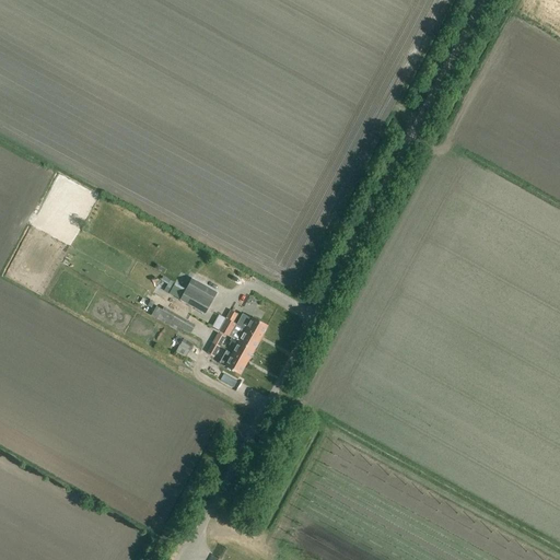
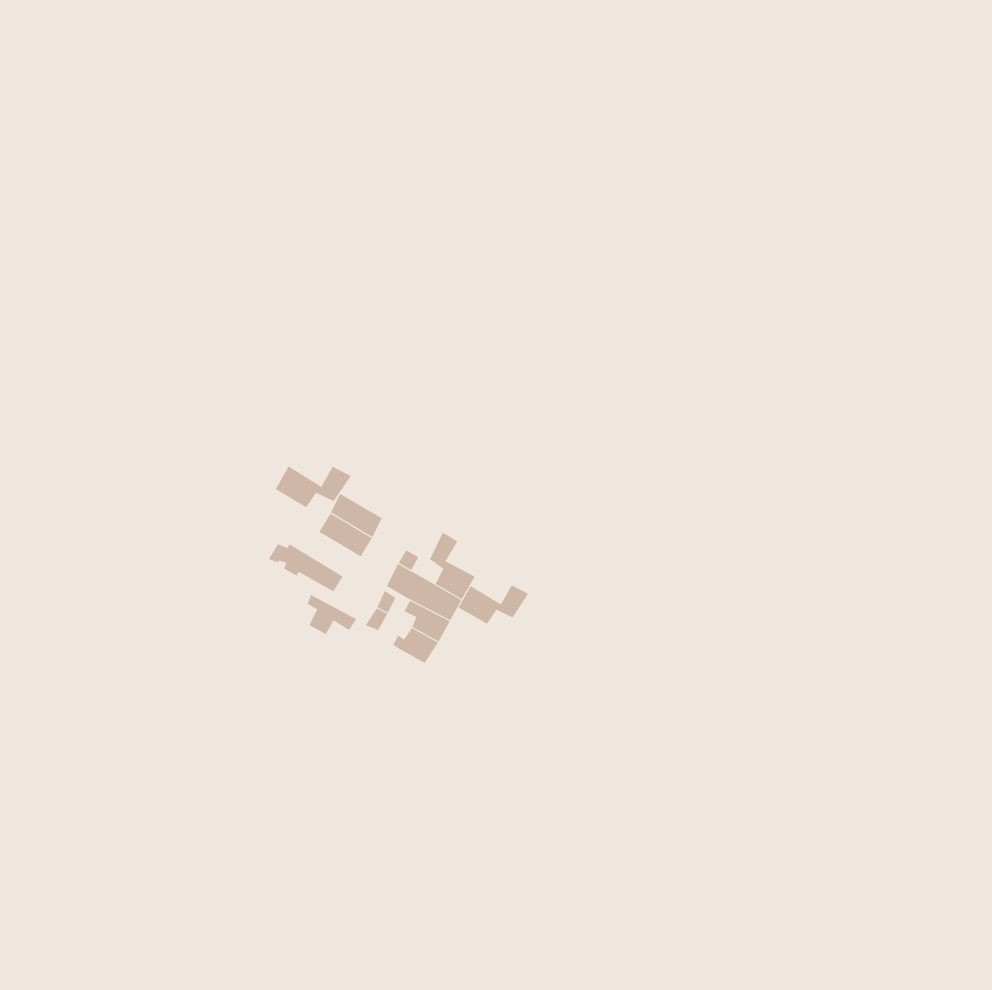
building: none -> [275,466,351,508]
building: none -> [458,584,529,625]

